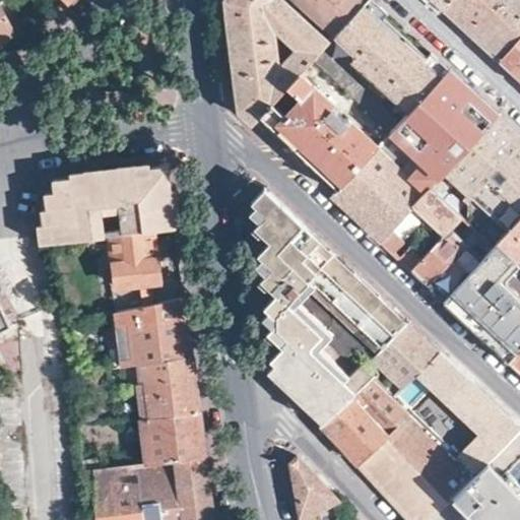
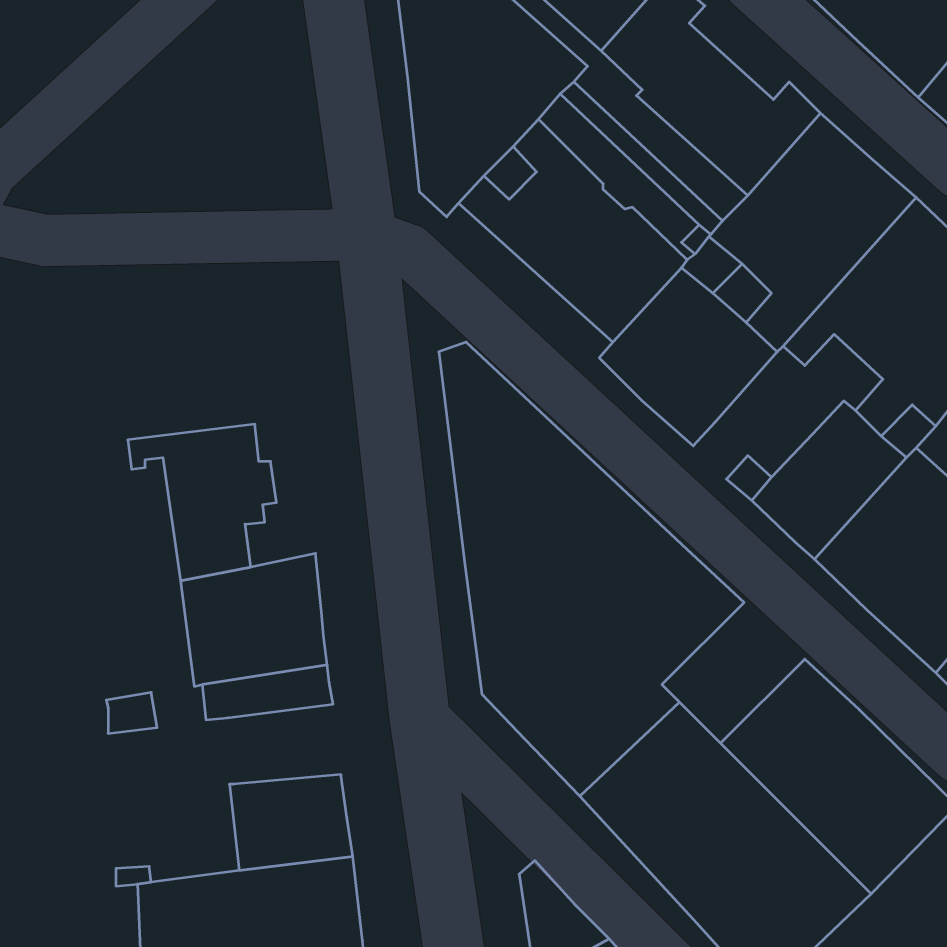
building: [38,167,176,245] -> none
building: [381,191,459,253] -> none
building: [365,324,439,397] -> none
building: [139,377,198,418] -> none

